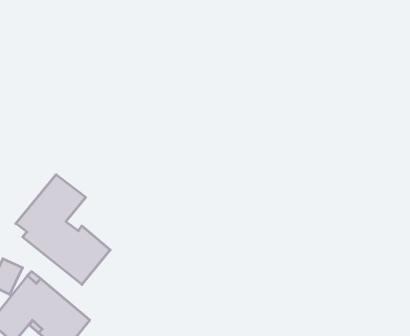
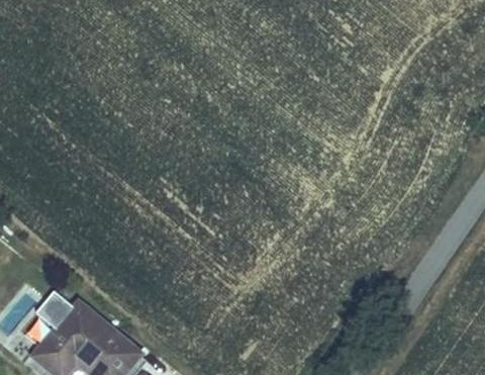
building: [16,175,110,285] -> none

